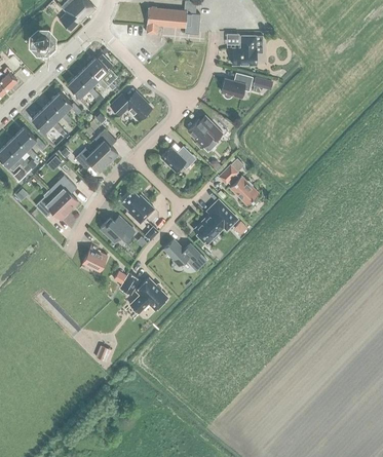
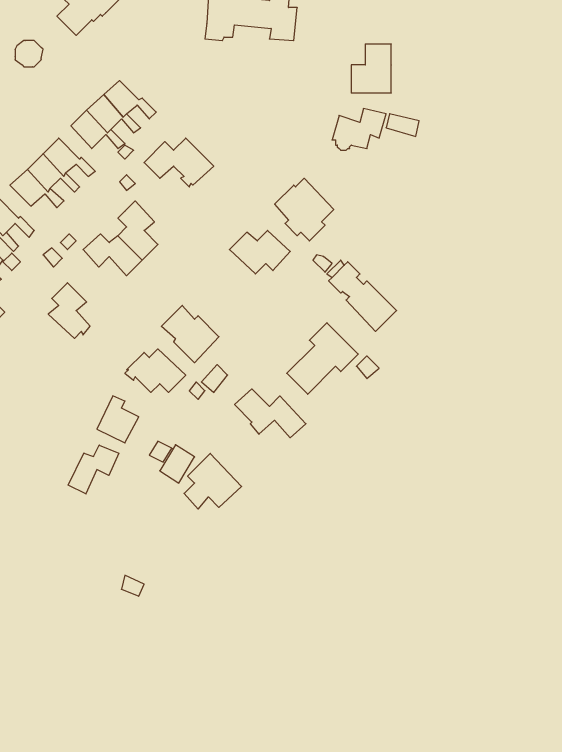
building: [35,190,69,220] -> none
building: none -> [68,445,119,494]

